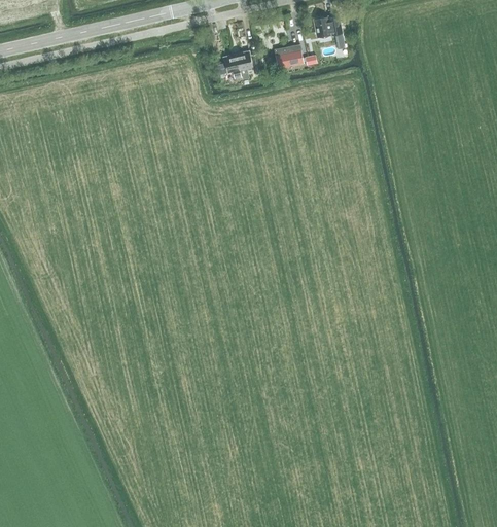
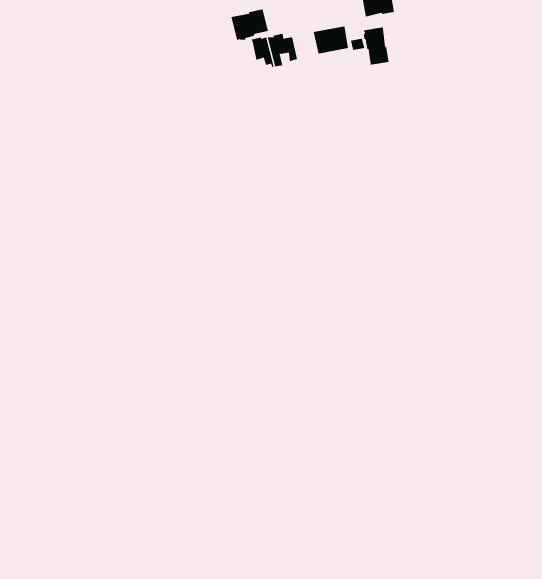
building: none -> [231,8,268,41]
building: none -> [363,27,389,65]

